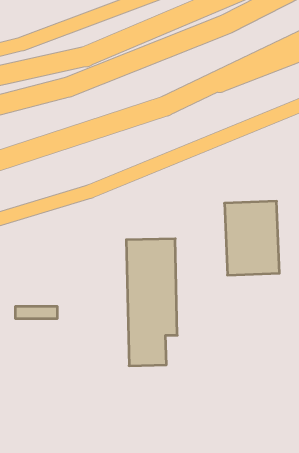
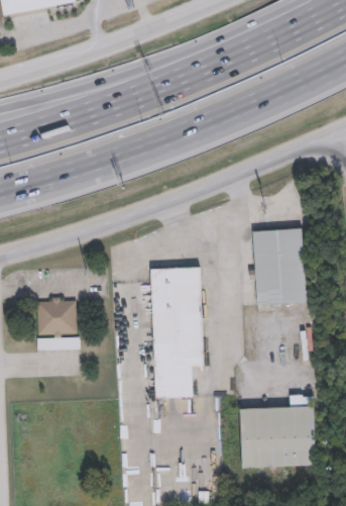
building: none -> [36,298,77,334]
building: none -> [240,395,317,468]

